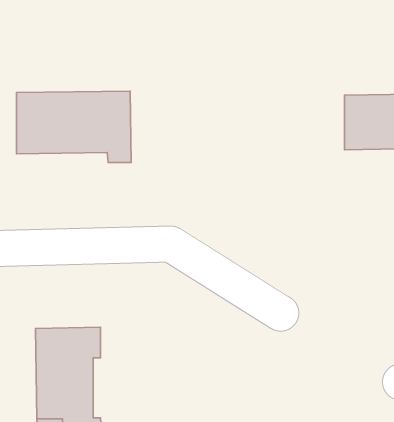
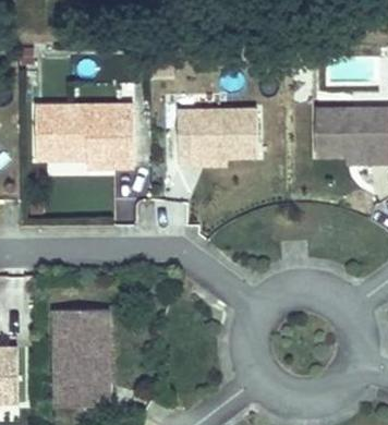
building: none -> [177,111,256,167]

